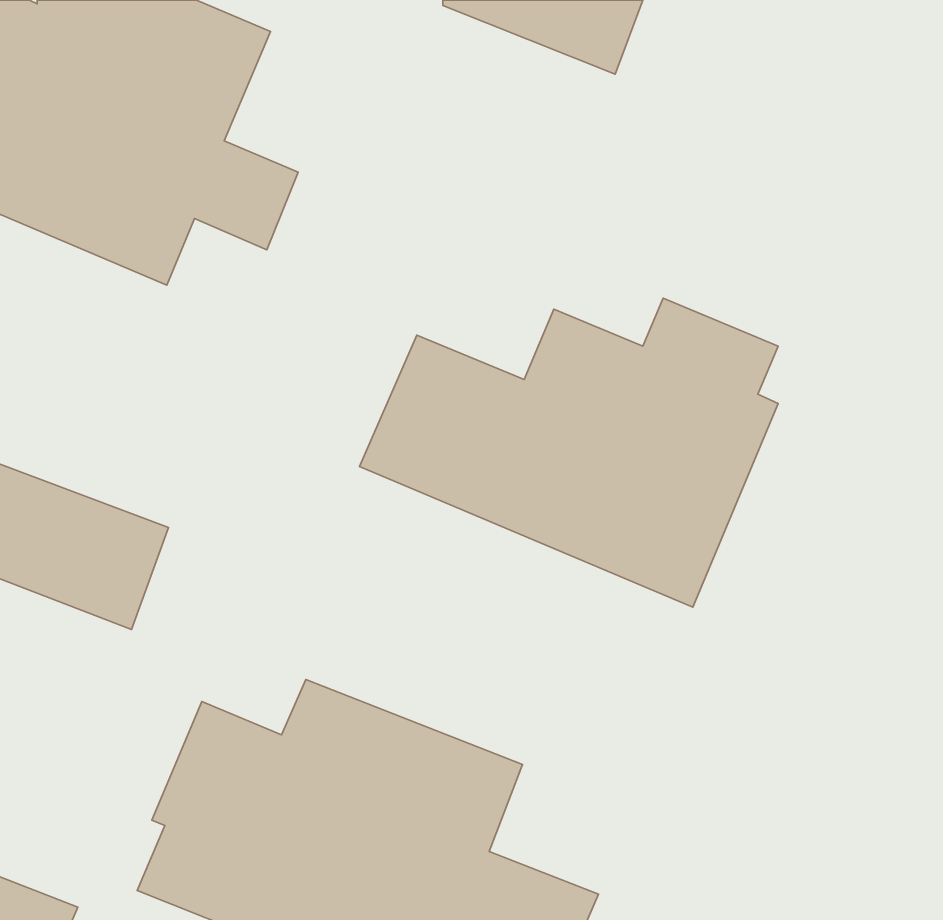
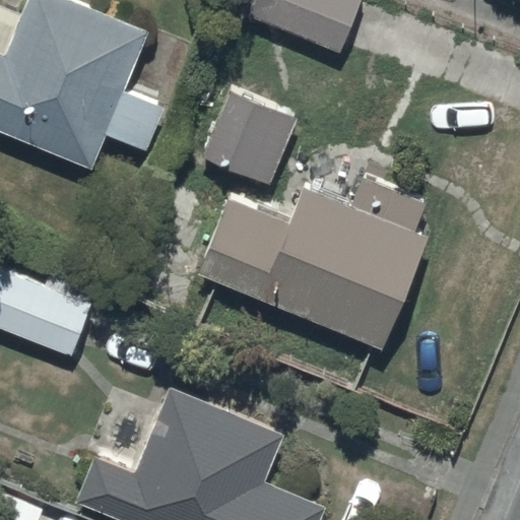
building: none -> [197,88,296,186]

